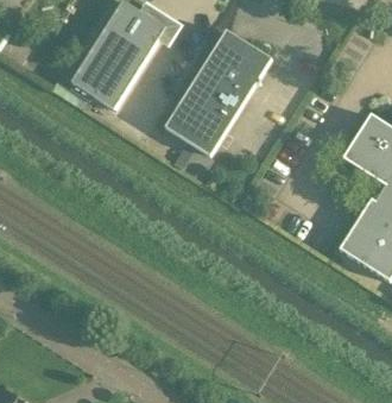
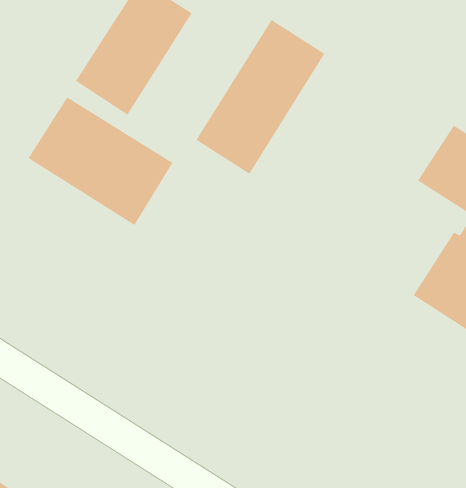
building: none -> [28,97,173,226]

